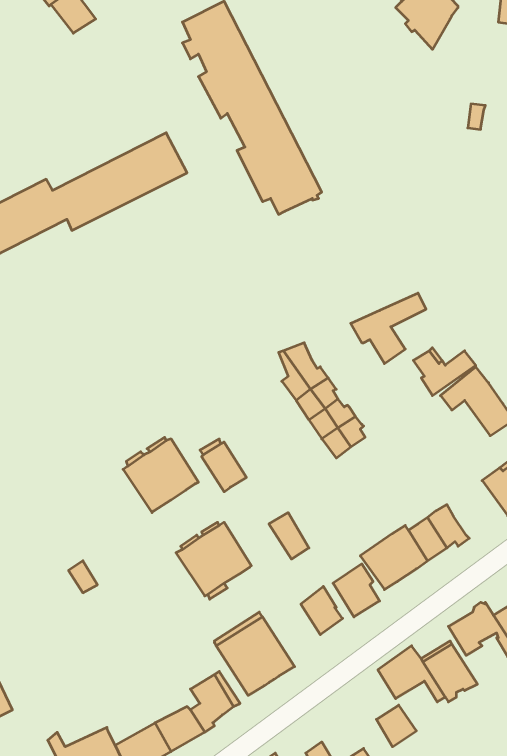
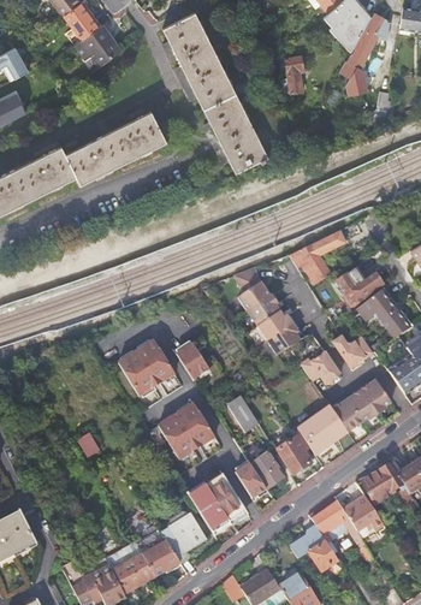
building: none -> [339,17,390,94]
building: none -> [72,30,112,70]
building: none -> [286,52,306,93]
building: none -> [333,336,373,368]
building: none -> [301,352,340,384]
building: none -> [361,380,390,415]
building: none -> [236,463,269,498]

